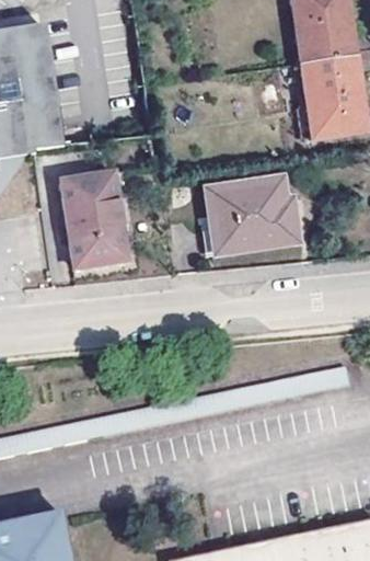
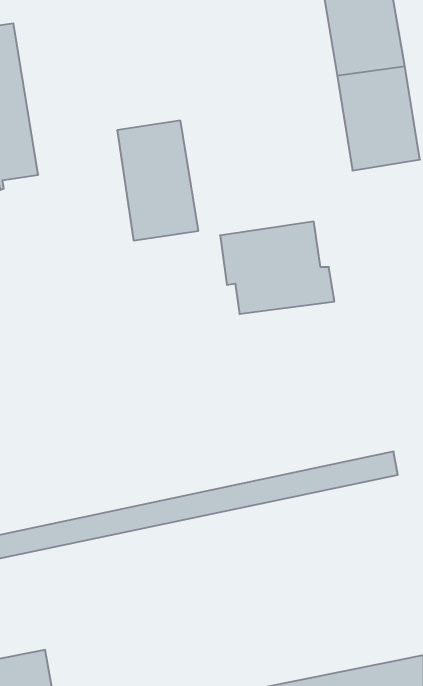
building: [61,170,126,265] -> [117,121,198,240]

